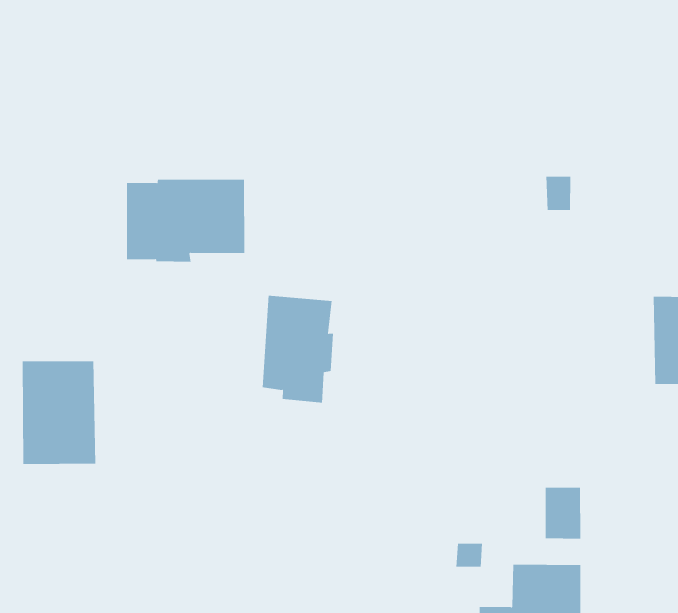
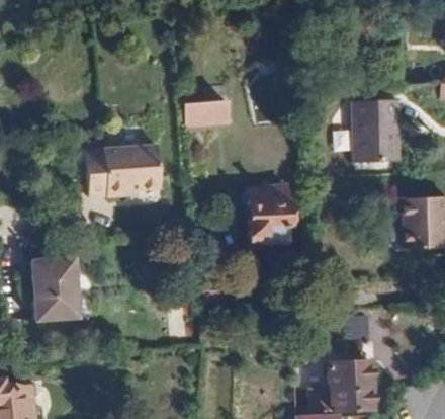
building: none -> [185,101,230,128]
building: none -> [357,99,400,161]
building: [262,295,334,403] -> [248,192,288,254]

